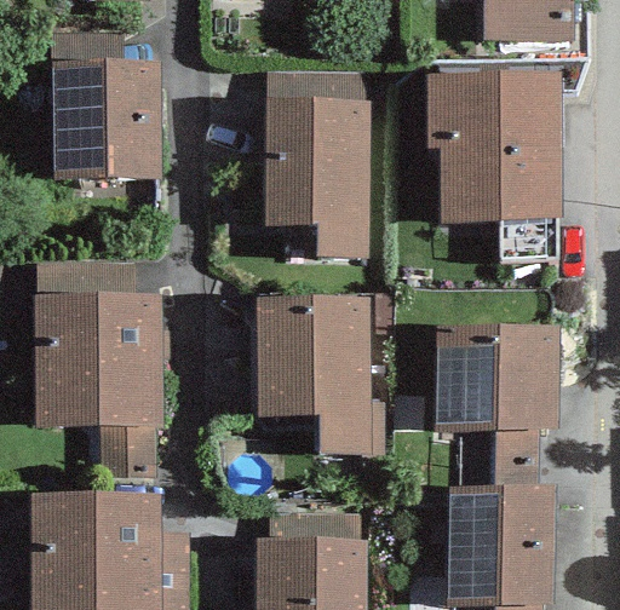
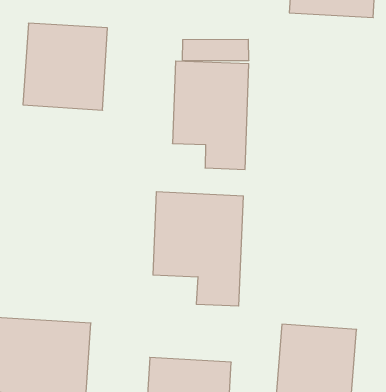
building: [431,69,561,218] -> none
building: [35,290,165,431] -> none
building: [431,318,557,432] -> none

